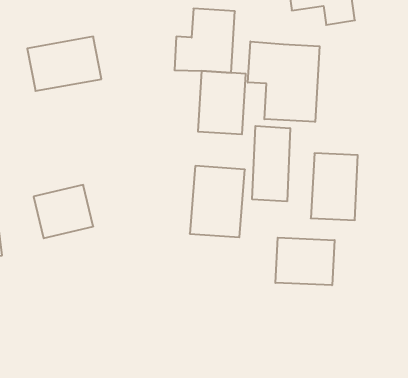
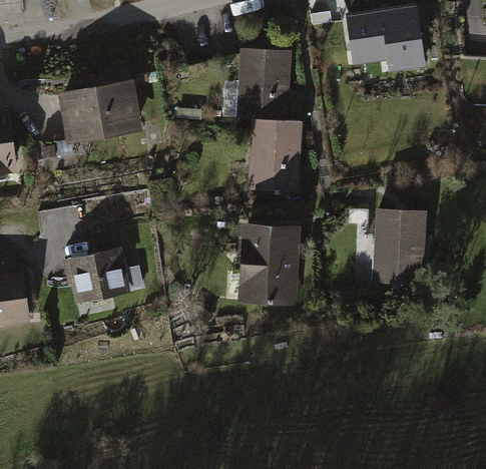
building: [248,41,320,122] -> none
building: [252,126,290,201] -> none
building: [275,238,335,285] -> none

